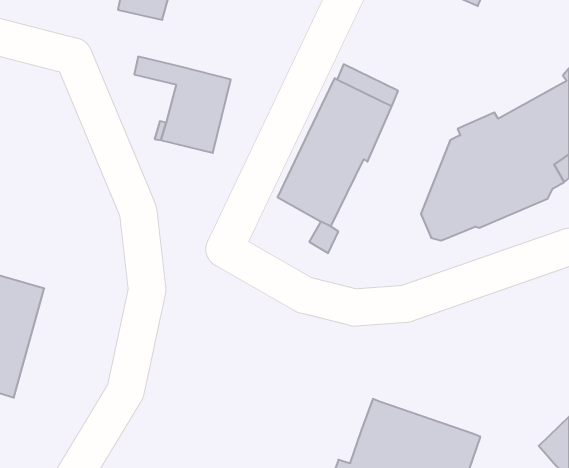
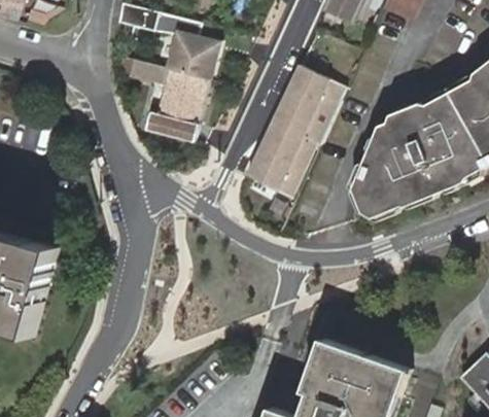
building: none -> [167,32,216,79]

